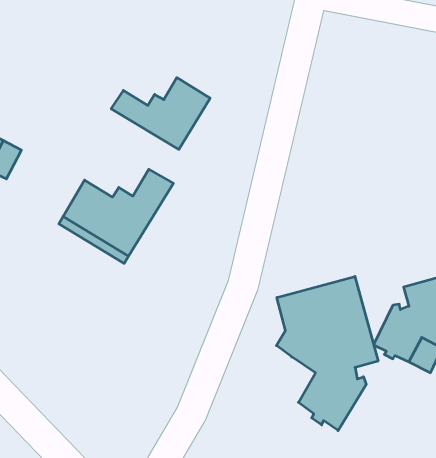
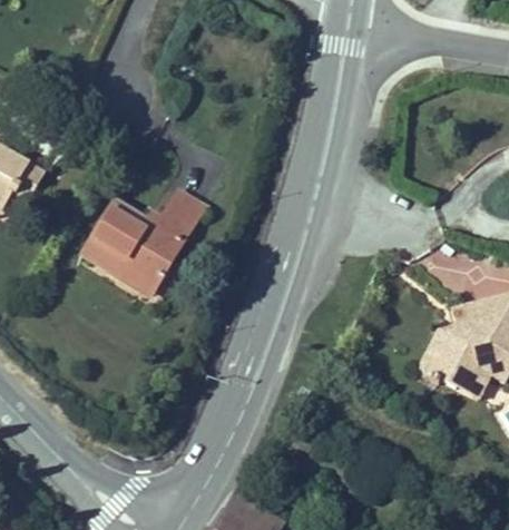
building: [111,78,210,149] -> none
building: [276,276,378,431] -> none

